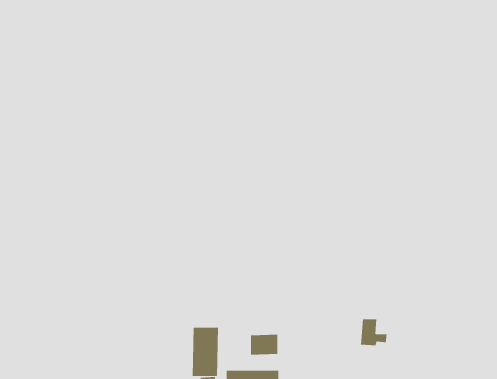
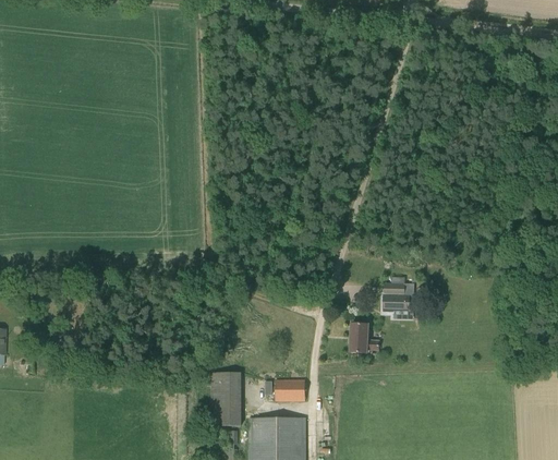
building: none -> [381,282,409,311]
building: [360,319,387,346] -> [349,324,378,353]

